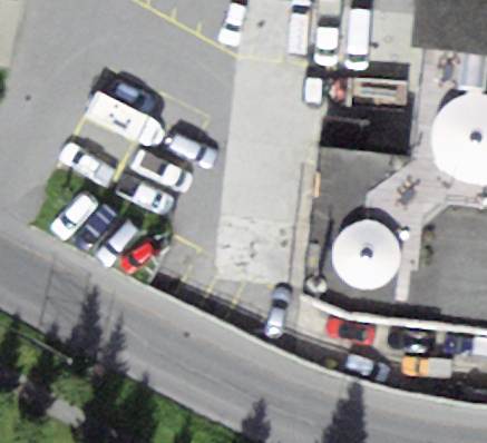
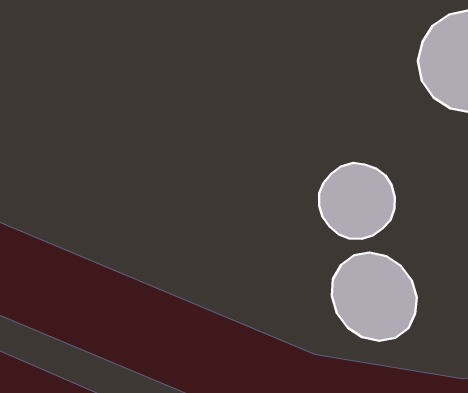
building: none -> [332,253,417,341]

